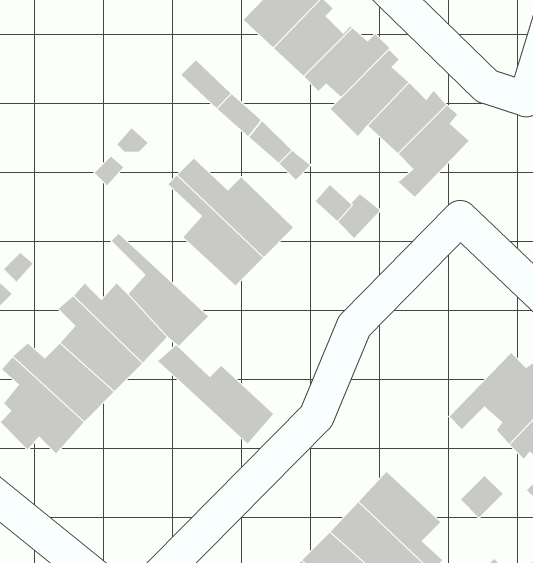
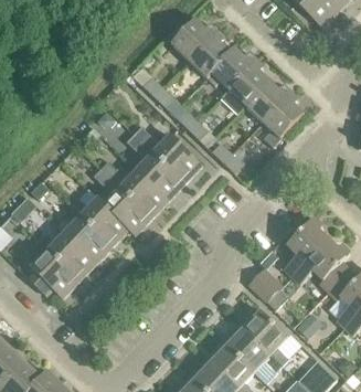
building: none -> [283,219,328,277]
building: [157,344,274,444] -> [98,160,167,219]
building: none -> [248,267,284,303]

